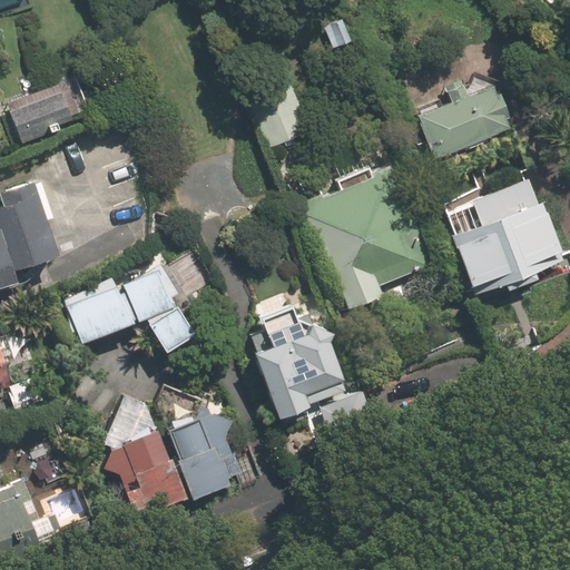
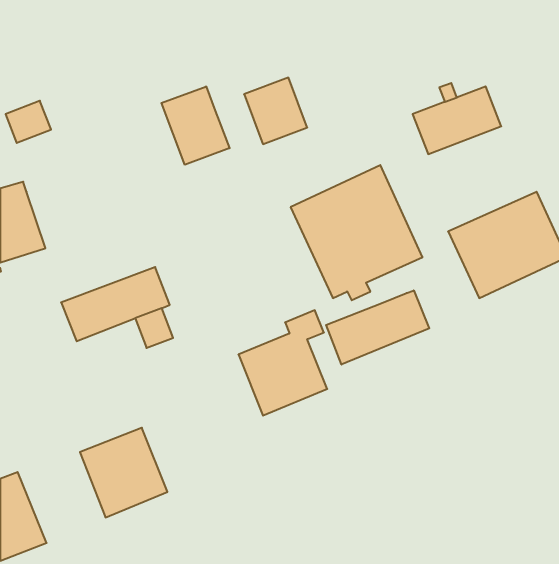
building: none -> [161,86,230,165]
building: none -> [326,290,429,365]
building: [150,411,229,499] -> none

